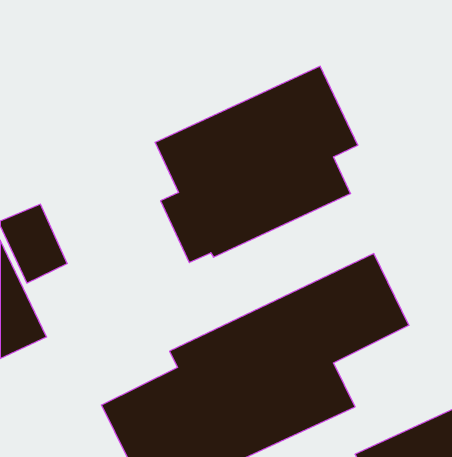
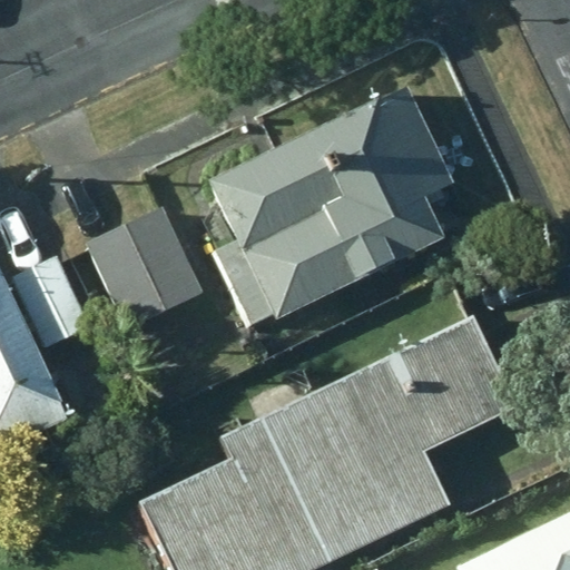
building: none -> [91,208,205,328]

